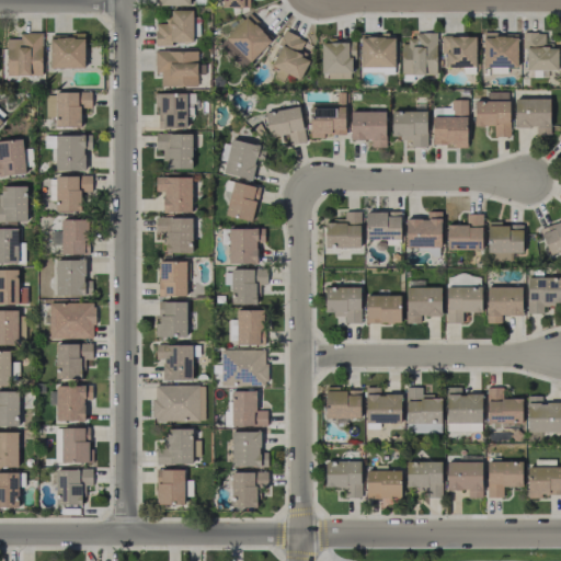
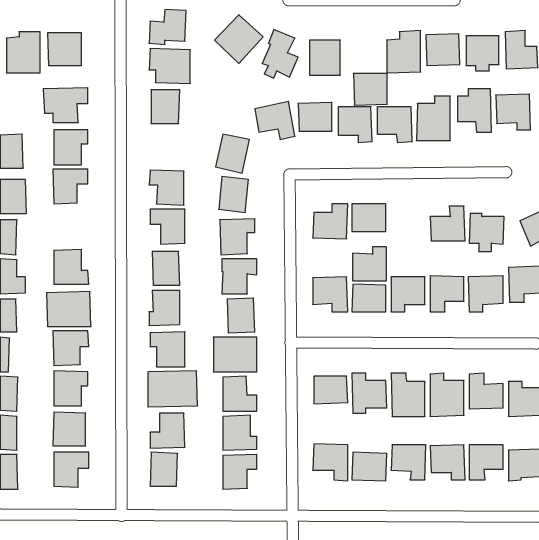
building: [360,35,396,68] -> [353,73,387,105]
building: [157,134,193,169] -> none
building: [407,211,442,247] -> [353,247,386,281]
building: [62,219,90,254] -> none

